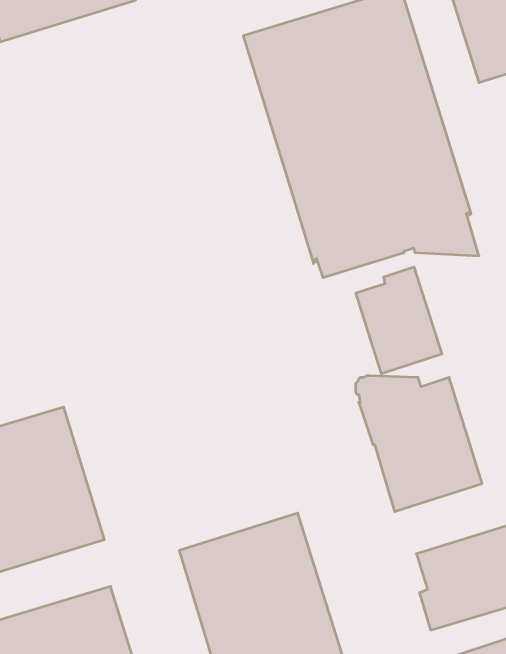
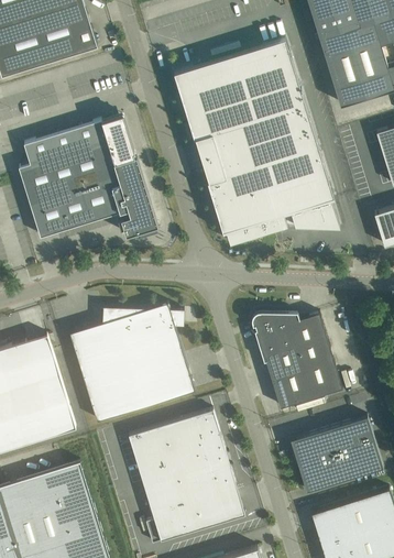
building: none -> [18,113,157,238]
building: [356,267,442,374] -> none
building: none -> [68,308,194,422]

